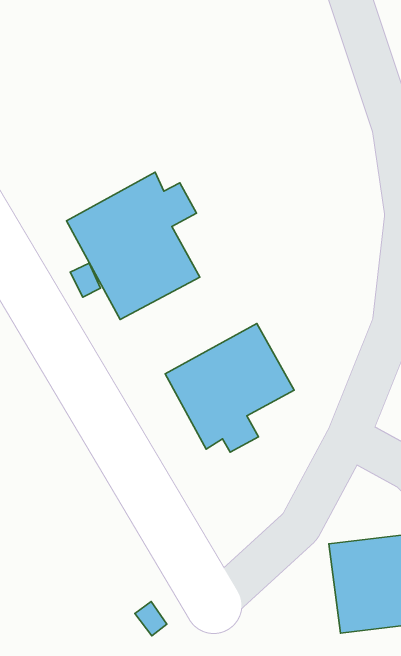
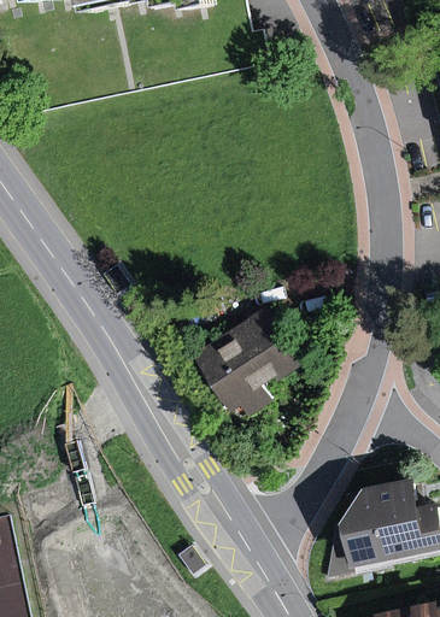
building: [66,172,200,320] -> none

